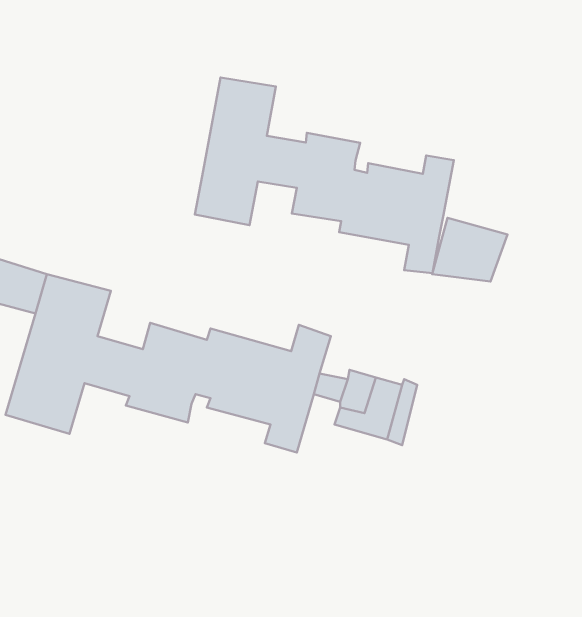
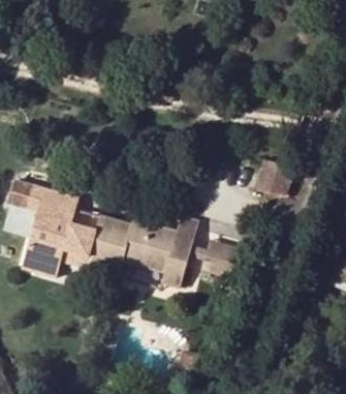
building: [195,77,454,273] -> none

